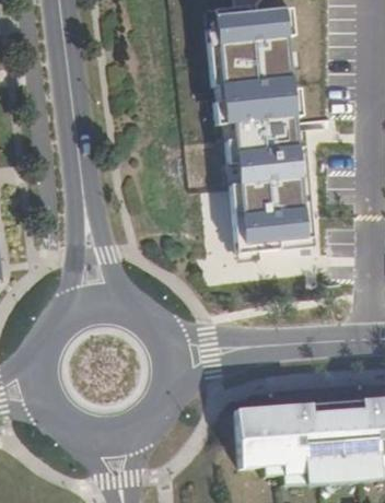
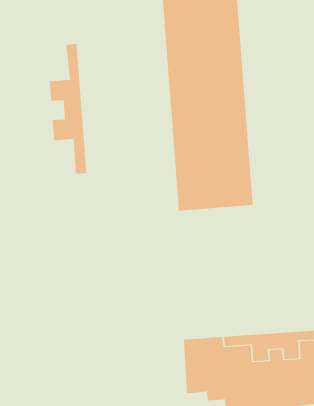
building: none -> [49,43,87,174]

